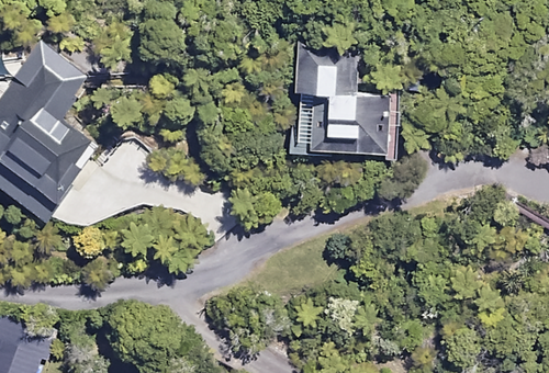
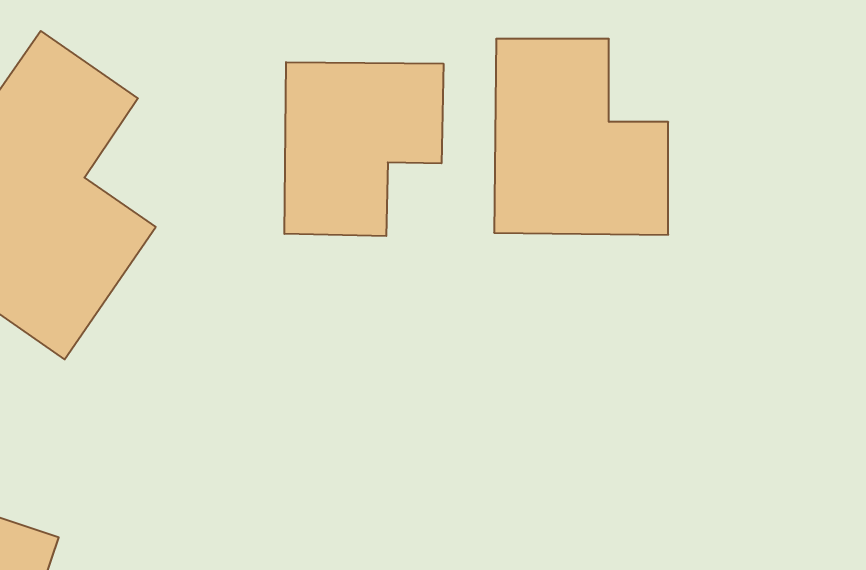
building: none -> [284,62,443,236]

